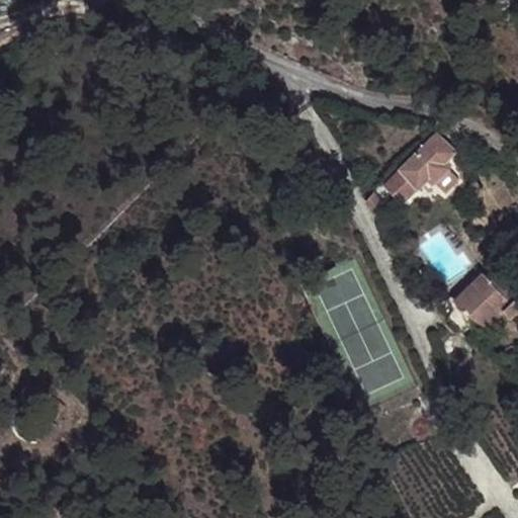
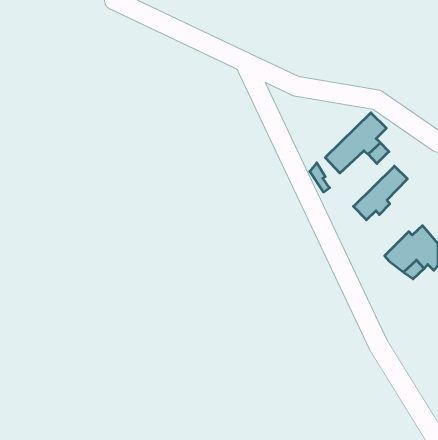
building: none -> [353,166,407,220]

